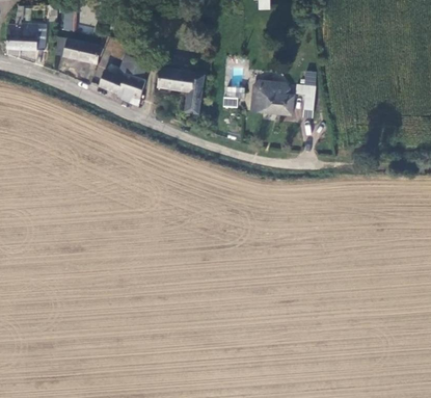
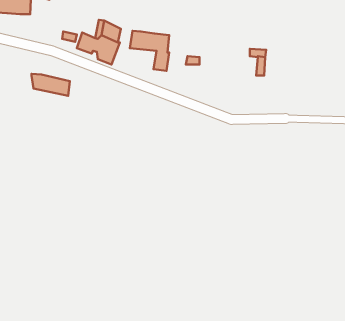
building: [57,38,101,63] -> [32,74,70,96]
building: [248,84,290,115] -> none

